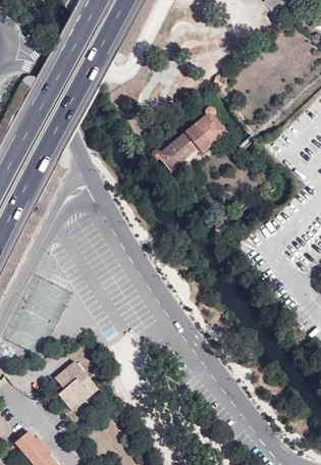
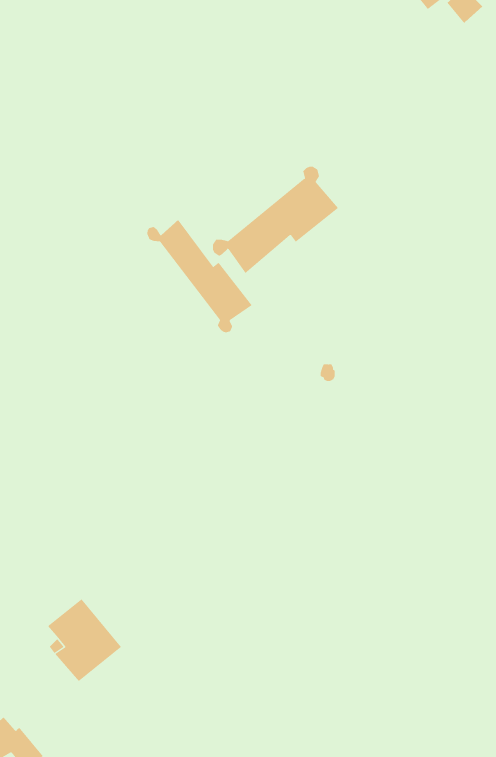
building: none -> [147,219,252,333]

